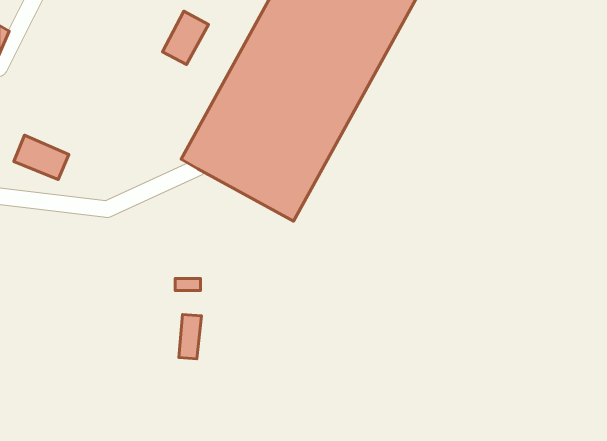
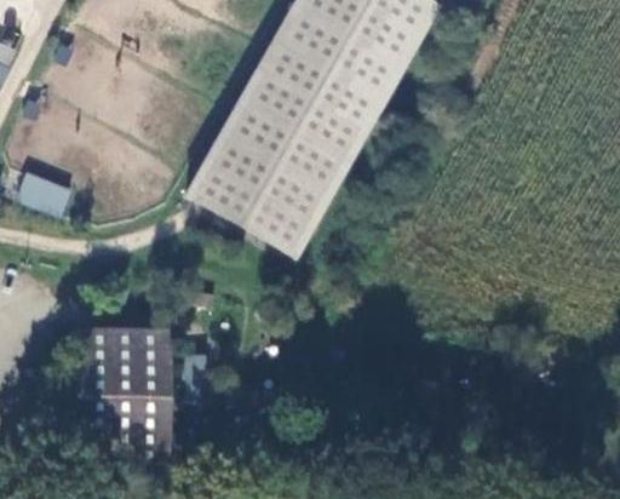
building: [163,11,209,64] -> none
building: none -> [81,328,173,461]

